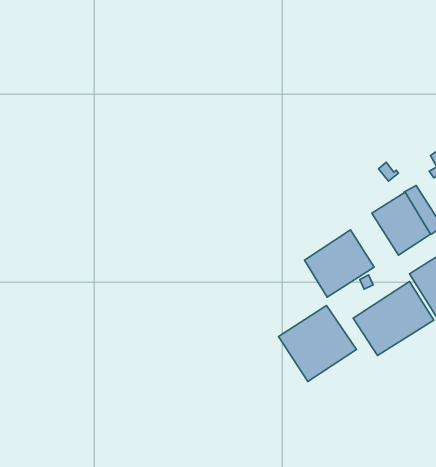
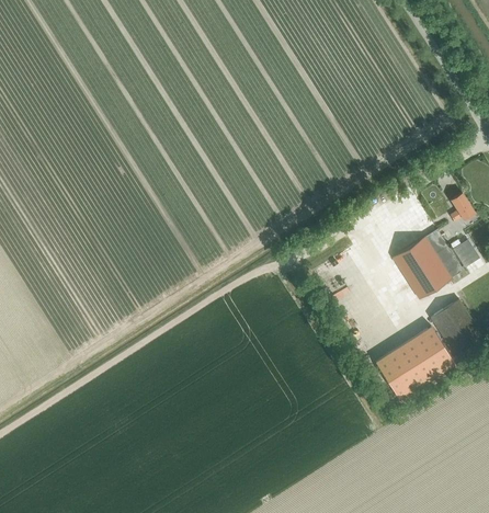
building: [304,230,374,297] -> none
building: [279,305,356,381] -> none

